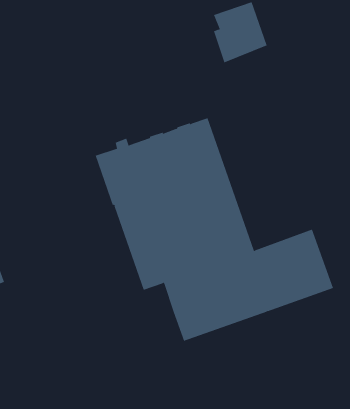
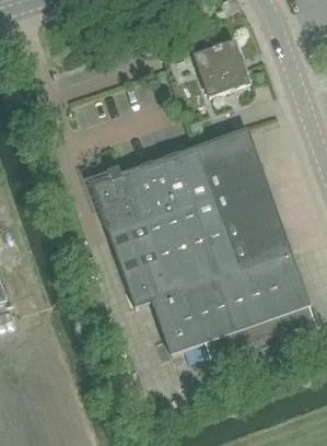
building: none -> [194,128,290,270]

